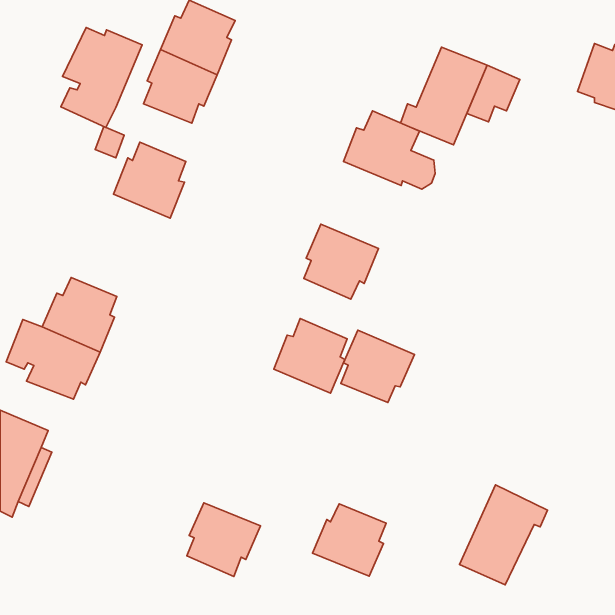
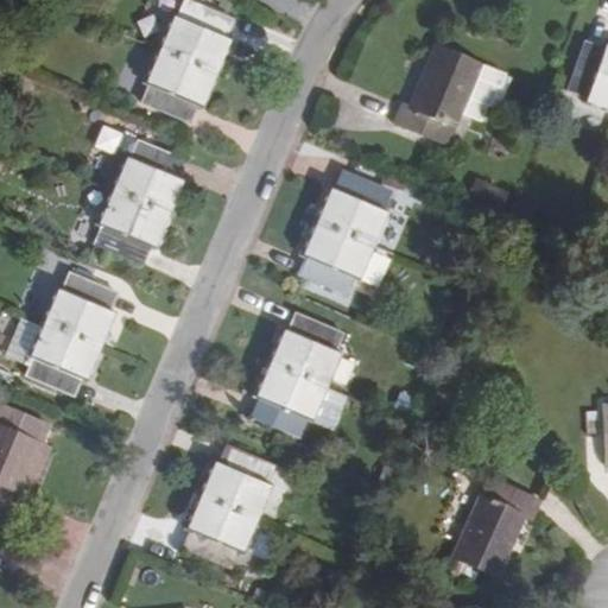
building: [61,27,142,128] -> none
building: [343,111,435,189] -> [317,171,407,248]
building: none -> [96,191,169,262]
building: [341,330,415,403] -> [254,363,327,435]
building: [312,504,386,576] -> [202,446,274,518]

